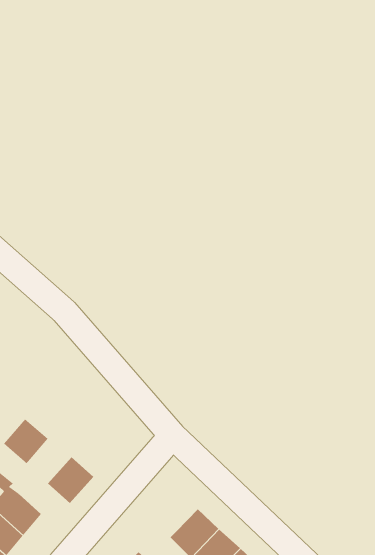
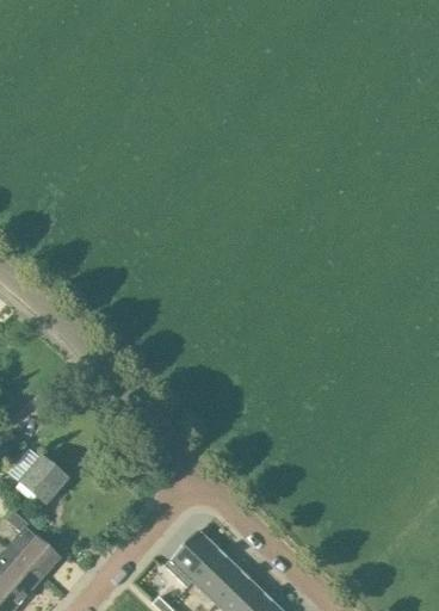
building: [47,456,94,504] -> none
building: none -> [166,530,222,587]

